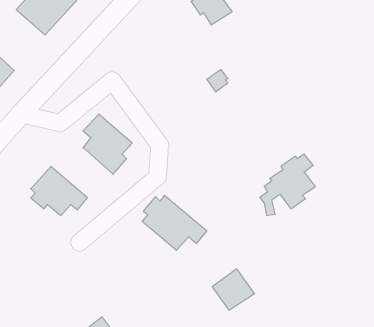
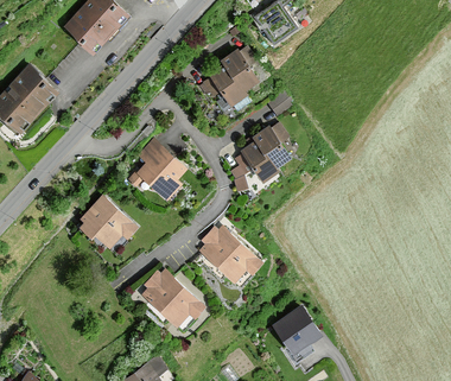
building: none -> [202,50,256,108]
building: [260,154,315,215] -> [229,126,288,191]
building: none -> [141,269,209,328]

